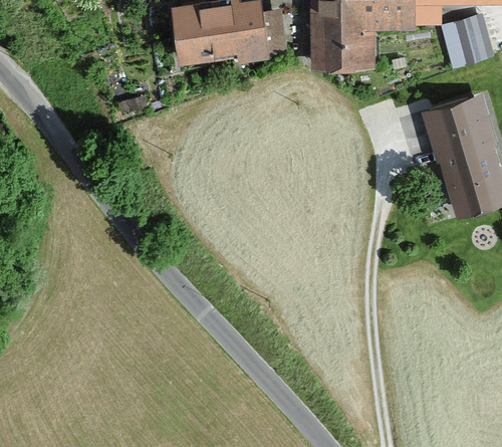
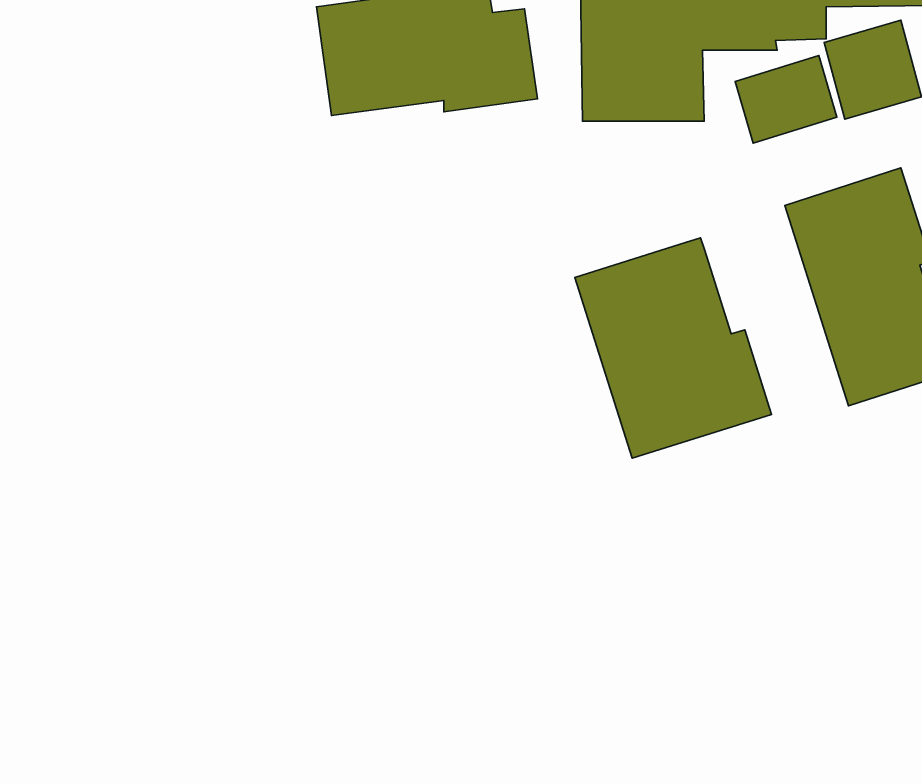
building: none -> [735,56,837,143]
building: none -> [575,238,771,458]

